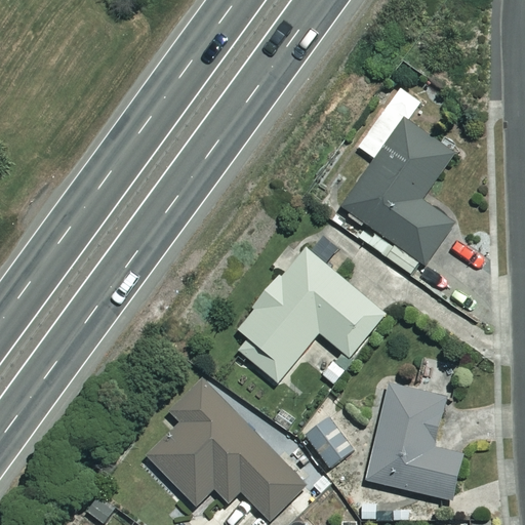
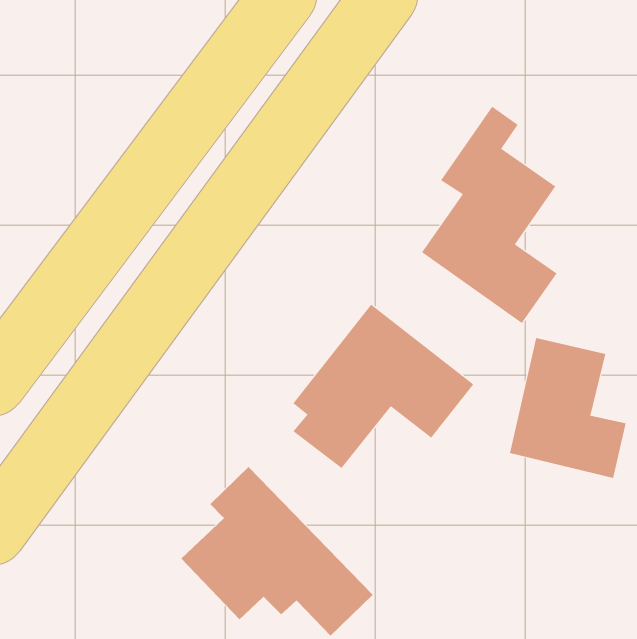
building: [367,385,462,499] -> [509,337,626,479]
building: [298,414,352,468] -> none

